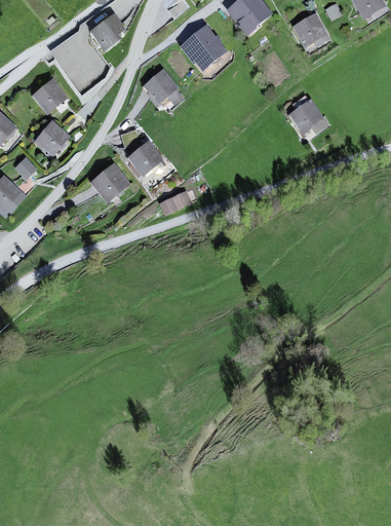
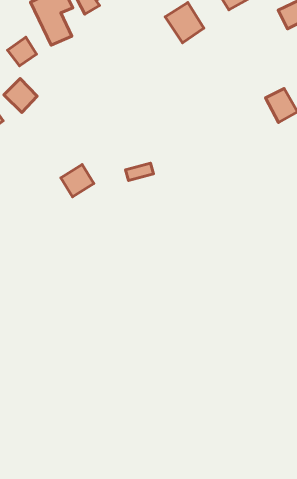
building: [147,75,177,104] -> none
building: [131,146,161,176] -> none
building: [94,168,127,201] -> [61,164,94,197]

